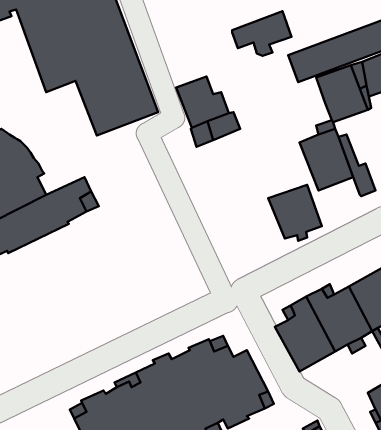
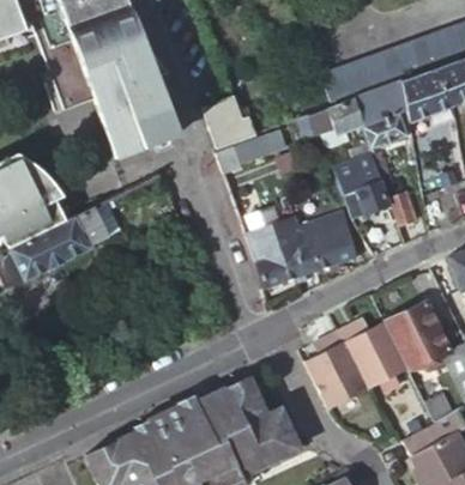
building: [232,11,292,56] -> [296,98,360,146]
building: none -> [237,202,316,290]

